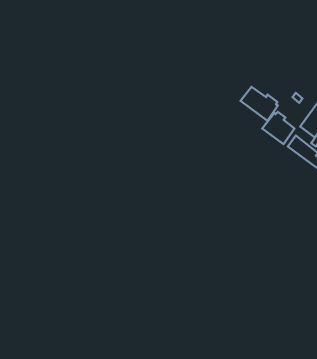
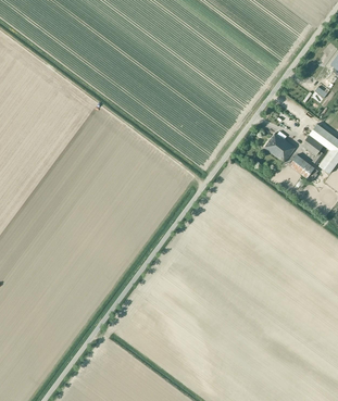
building: [241,87,278,121] -> none

